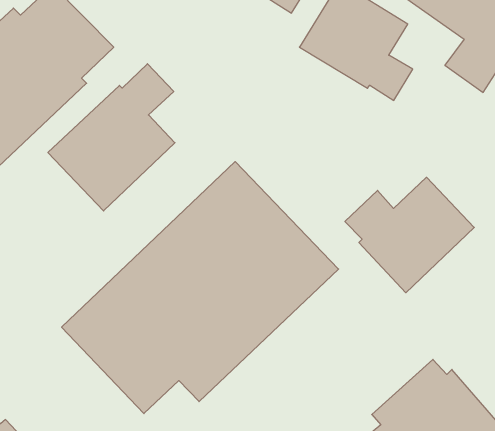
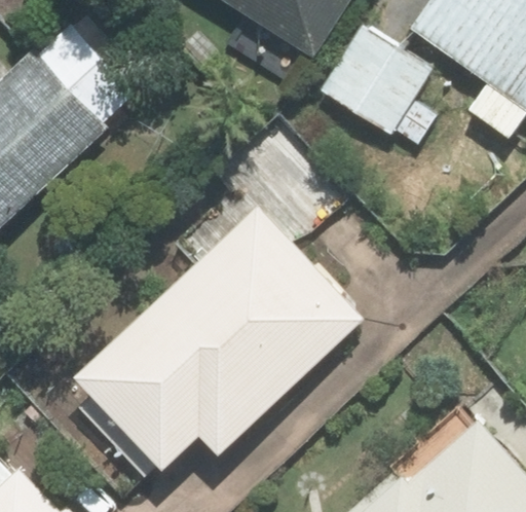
building: [48,64,175,211] -> none
building: [345,177,474,293] -> none

